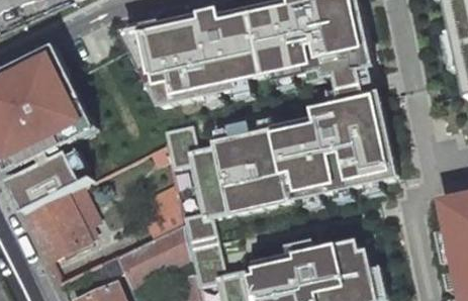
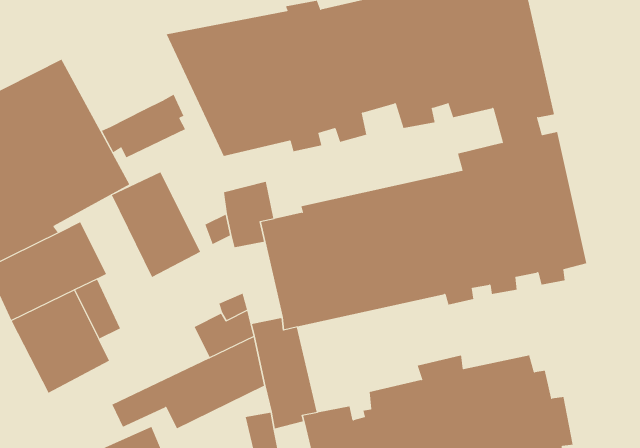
building: none -> [101,94,186,158]
building: none -> [111,172,201,278]

